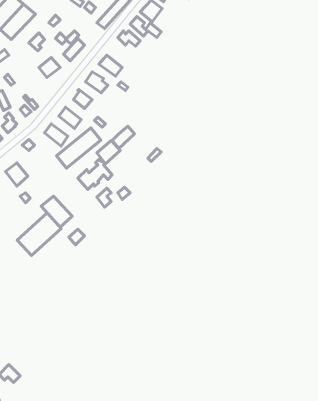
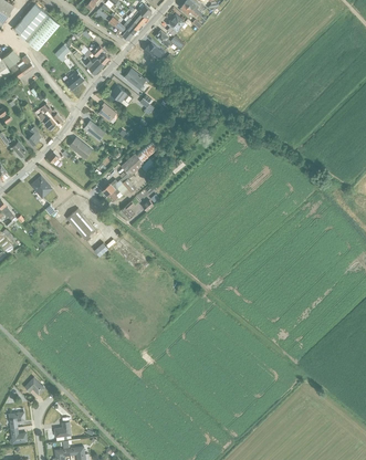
building: [57,128,101,168] -> none
building: [17,213,61,256] -> none

